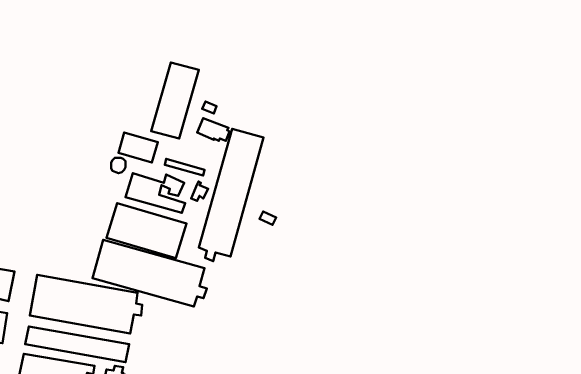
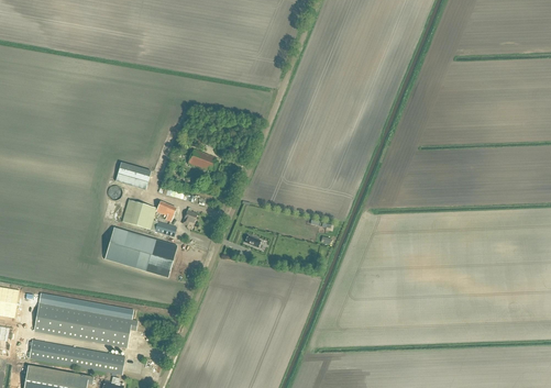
building: [151,62,199,138] -> none
building: [199,129,264,261] -> none
building: [92,240,207,306] -> none

